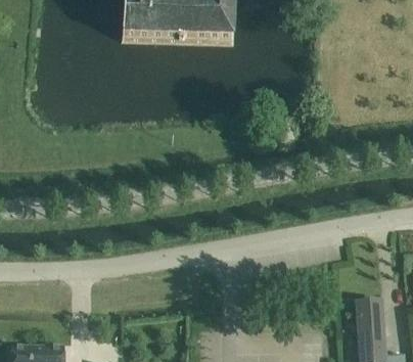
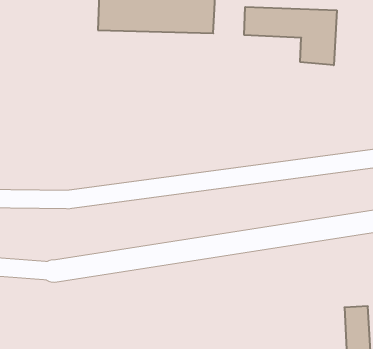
building: none -> [244,7,337,65]

